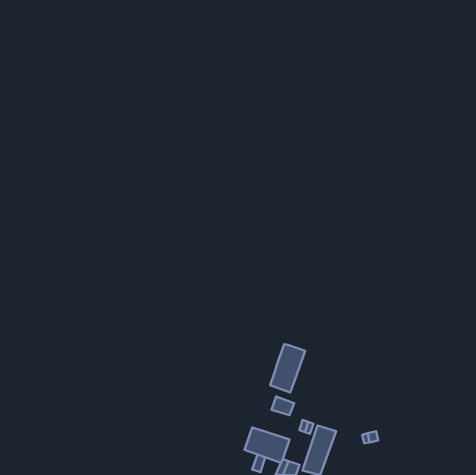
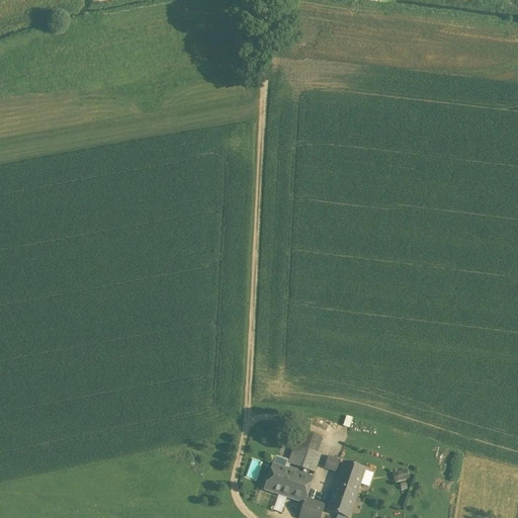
building: [270,344,305,392] -> none
building: none -> [287,444,322,477]

